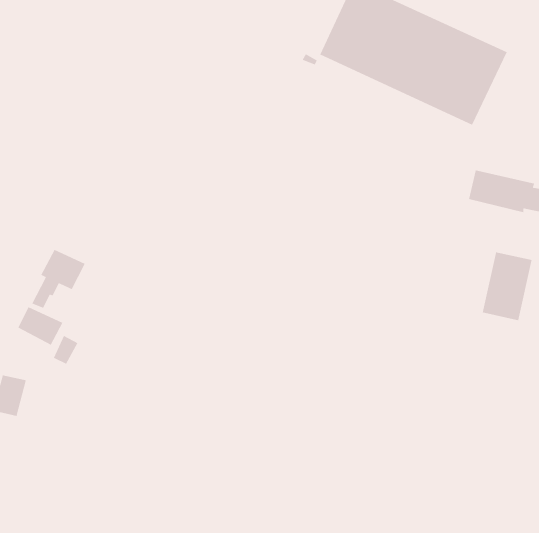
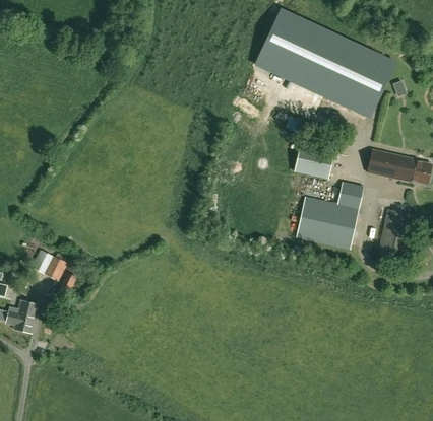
building: none -> [295,145,333,179]
building: none -> [296,183,363,250]
building: [31,249,86,309] -> none

